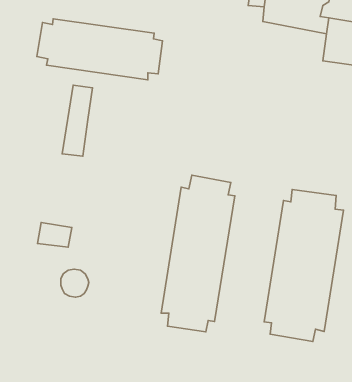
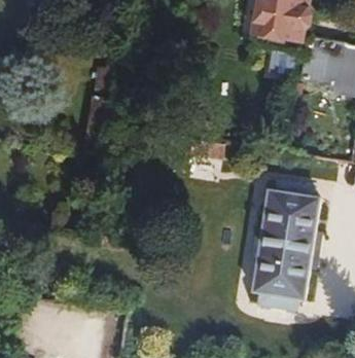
building: [37,19,162,80] -> none
building: [161,175,235,332] -> none

